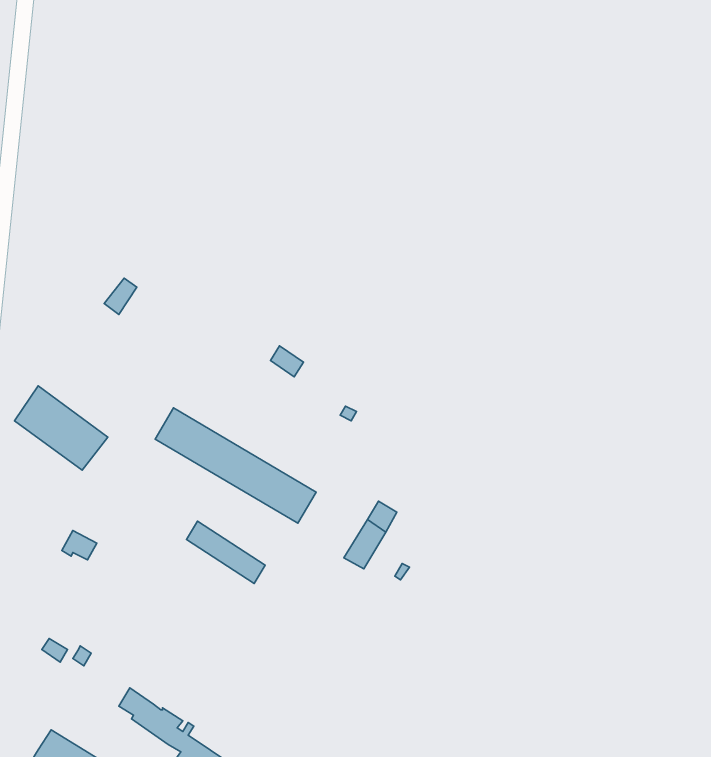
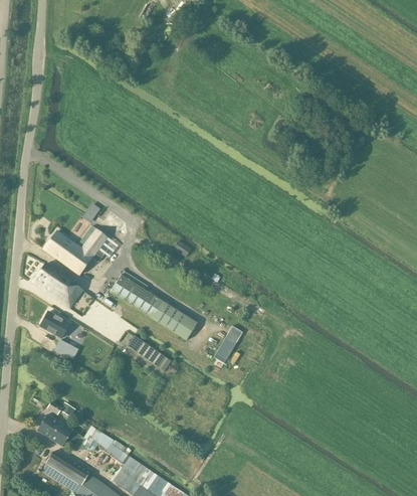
building: none -> [43,226,107,276]
building: none -> [40,312,68,337]
building: none -> [36,415,80,447]

